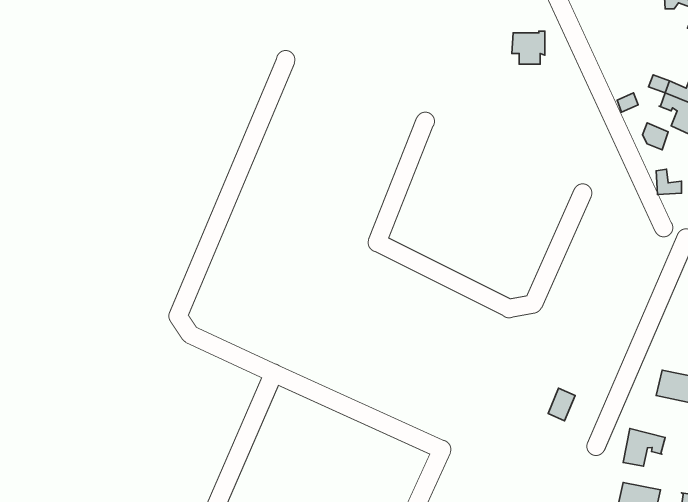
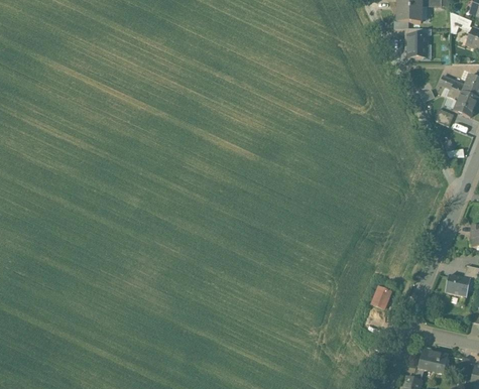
building: [512,31,545,64] -> [405,34,428,56]
building: [623,429,665,466] -> none

